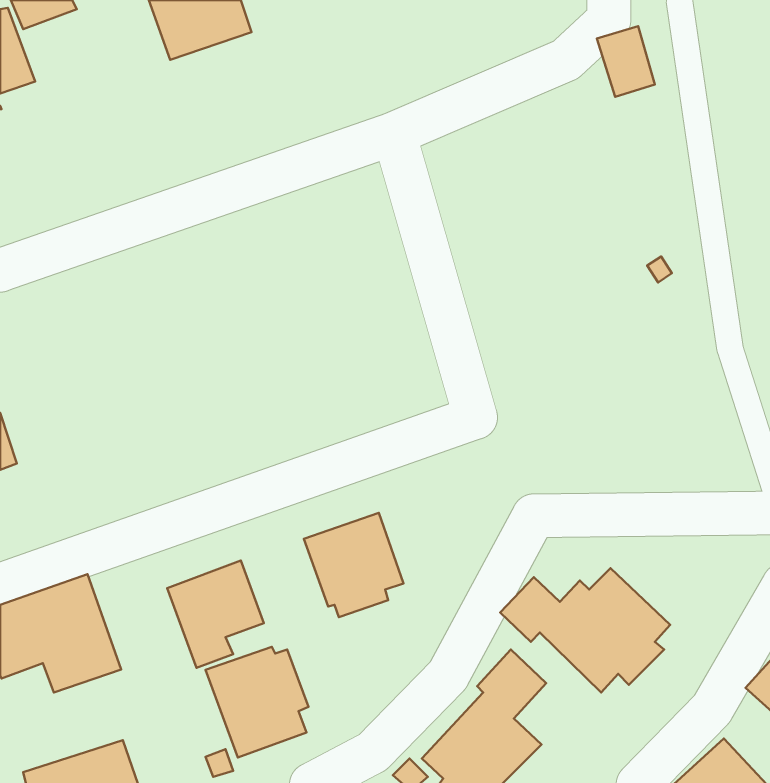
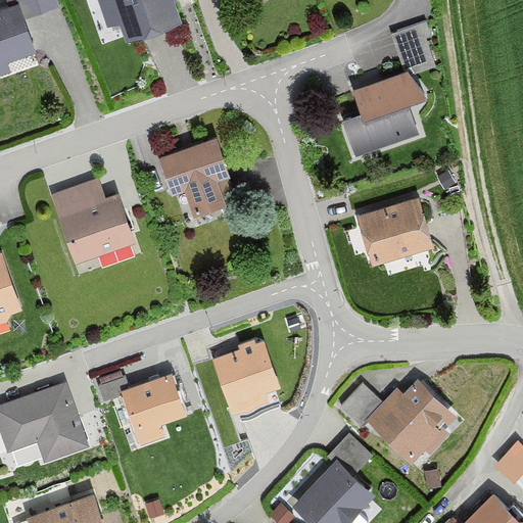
building: none -> [337,68,424,156]
building: none -> [159,139,234,212]
building: none -> [50,182,133,265]
building: none -> [358,200,429,264]
building: [206,647,308,758] -> none

